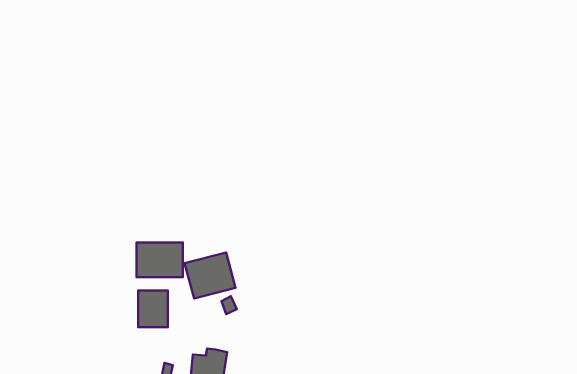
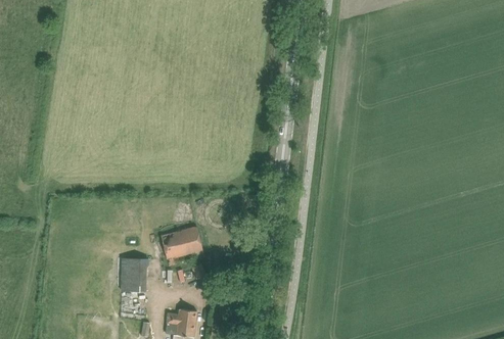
building: [137,243,183,277] -> none

